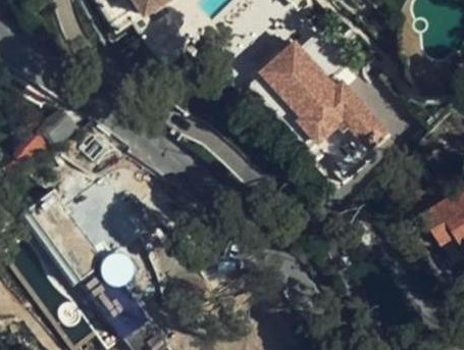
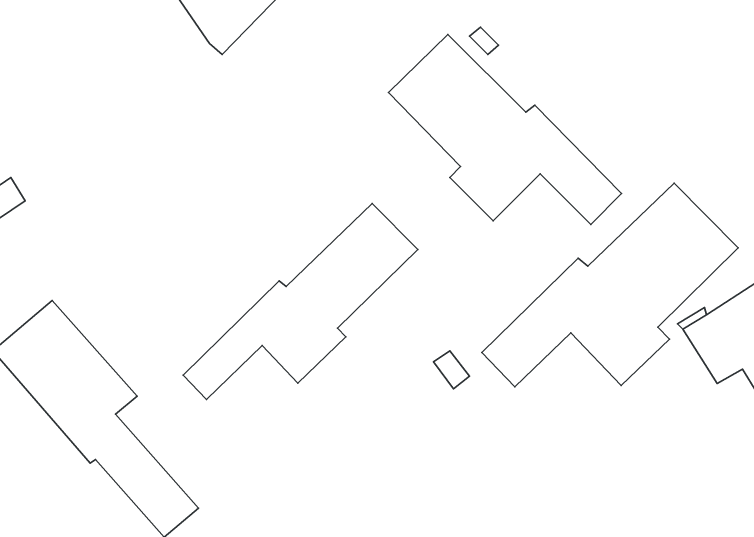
building: none -> [482,183,738,387]
building: none -> [183,204,418,400]

